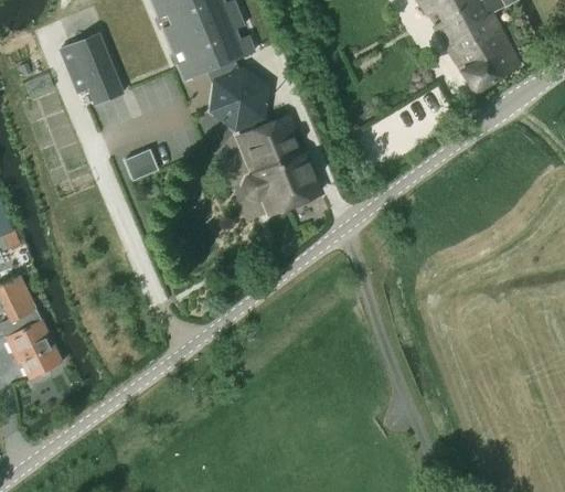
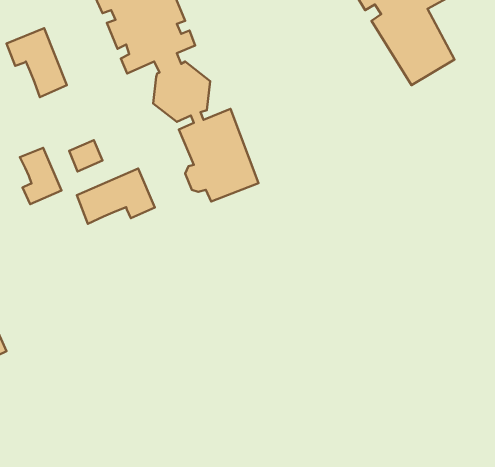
building: none -> [20,148,62,204]
building: none -> [77,169,155,224]

